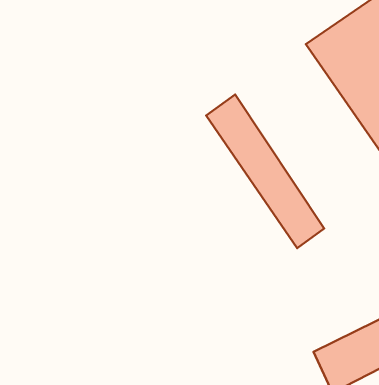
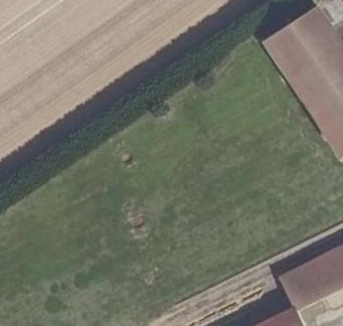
building: [206,94,324,248] -> none

